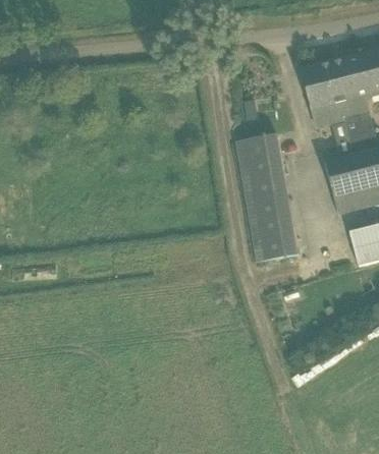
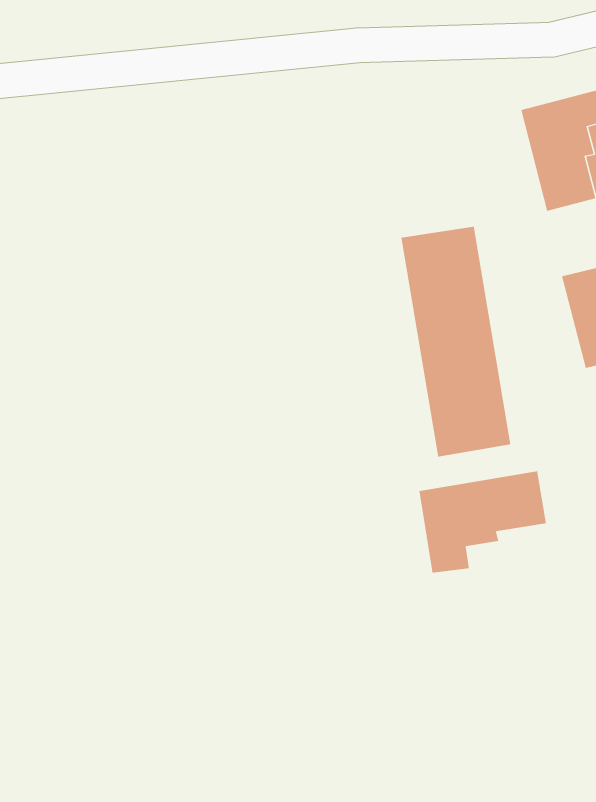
building: none -> [419,470,546,574]

